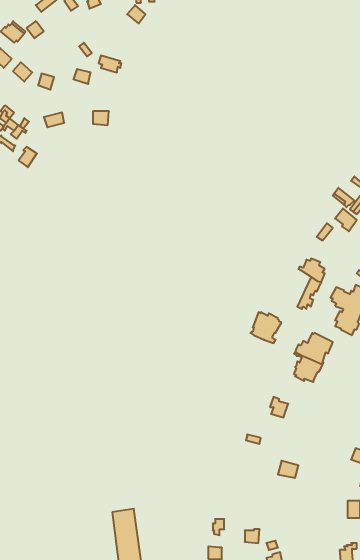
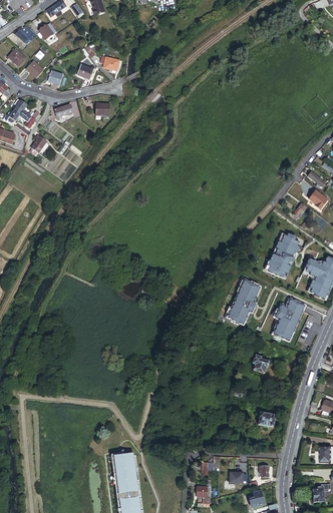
building: none -> [265,241,287,275]
building: none -> [226,298,256,325]

